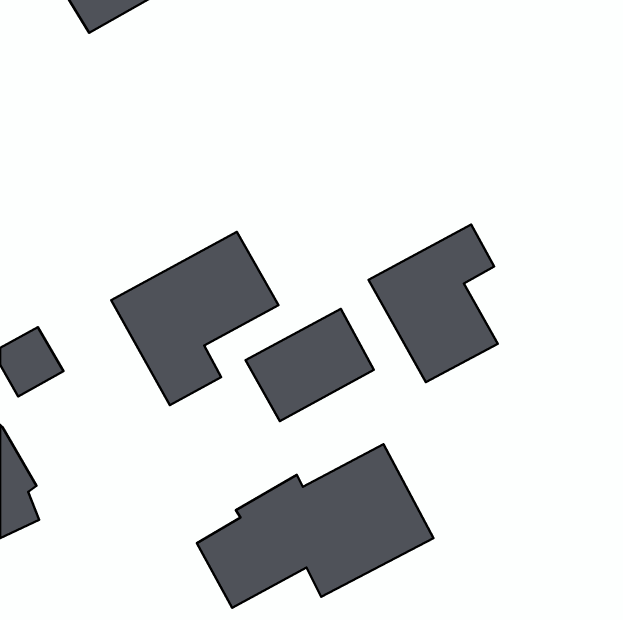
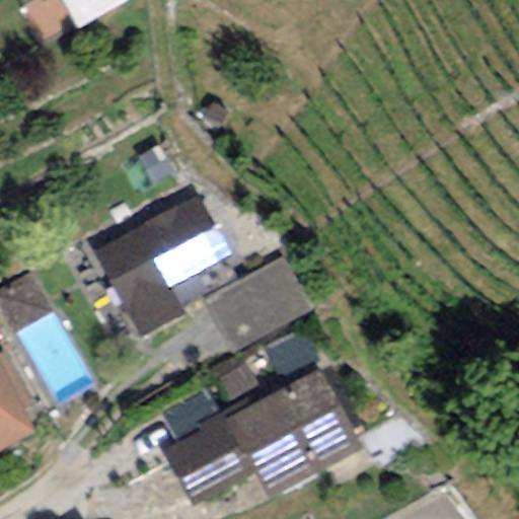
building: [369,225,498,382] -> none

